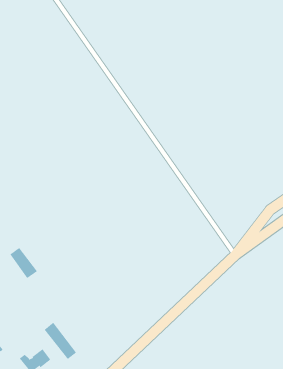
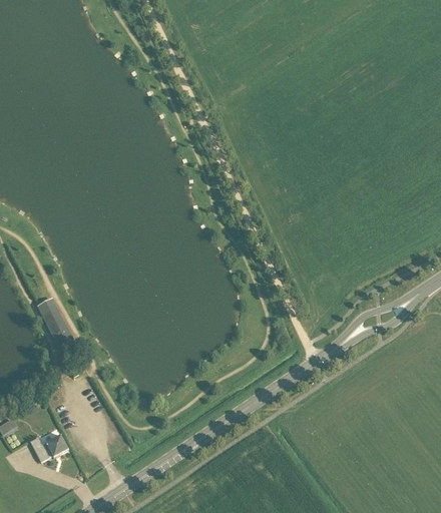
building: [44,322,77,360] -> none

